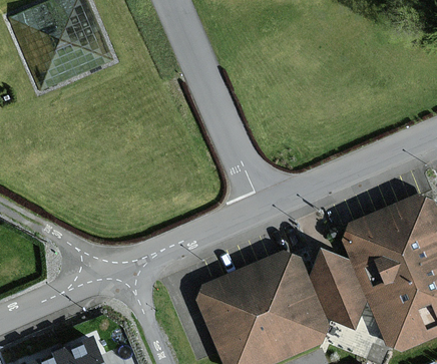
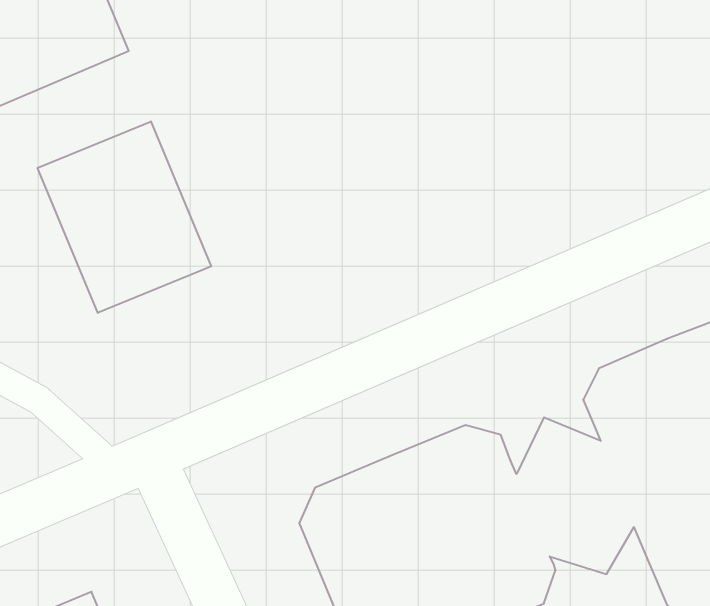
building: none -> [38,121,211,313]

